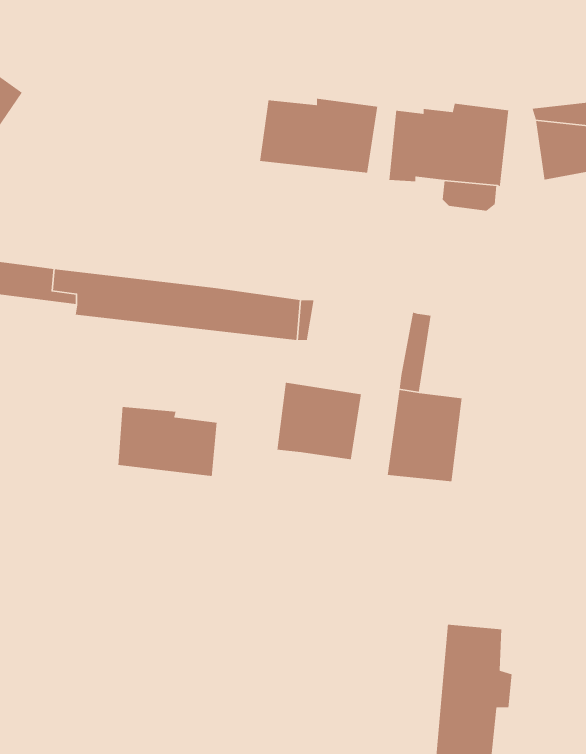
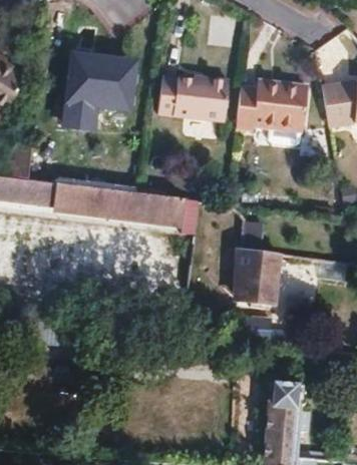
building: none -> [59,57,134,137]
building: [276,382,362,460] -> none
building: [117,406,217,477] -> none

